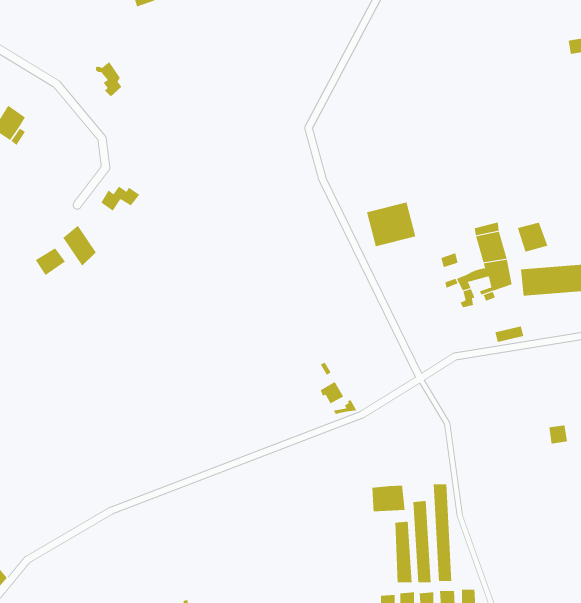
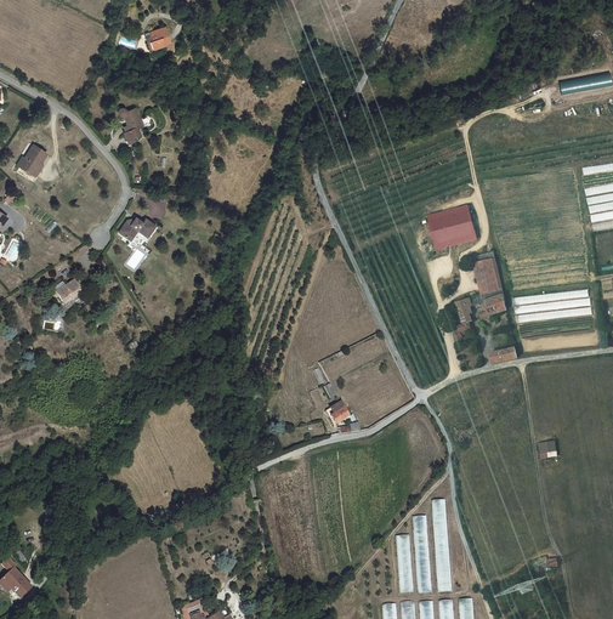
building: [366,202,416,247] -> [427,206,475,249]
building: [517,222,548,252] -> none
building: [62,225,97,266] -> none
building: [372,485,405,512] -> none

